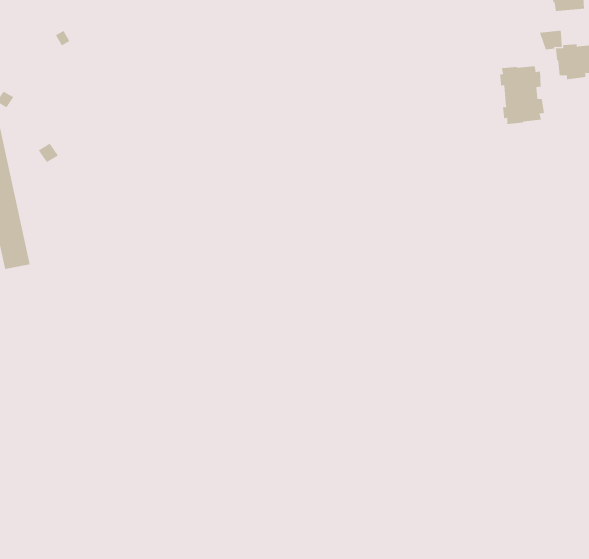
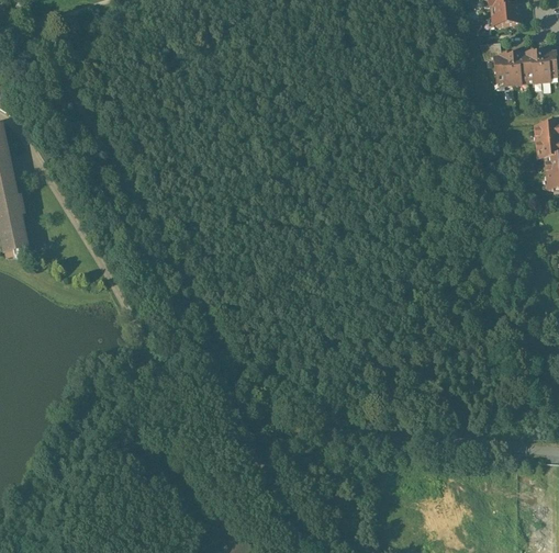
building: [500,65,544,125] -> none

